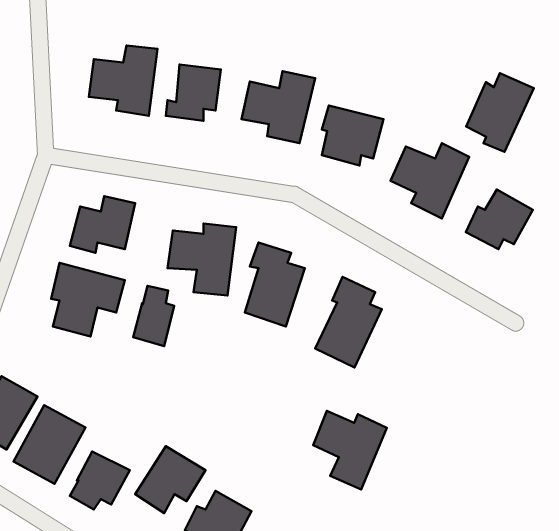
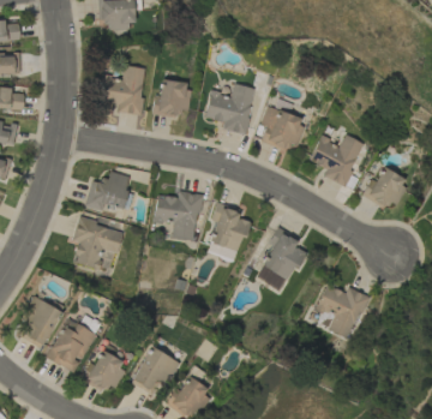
building: [466,73,534,152] -> none
building: [133,286,174,346] -> none
building: [313,411,387,490] -> [317,285,368,340]

